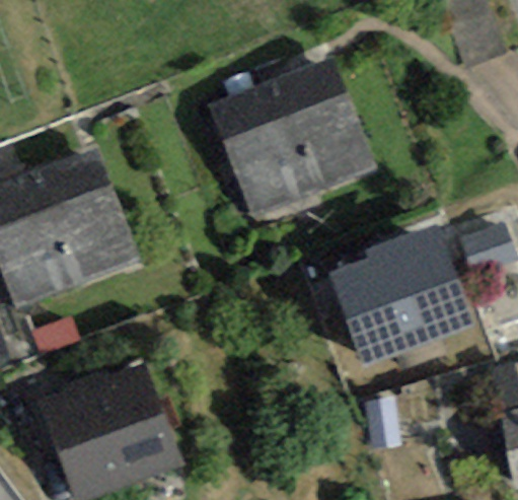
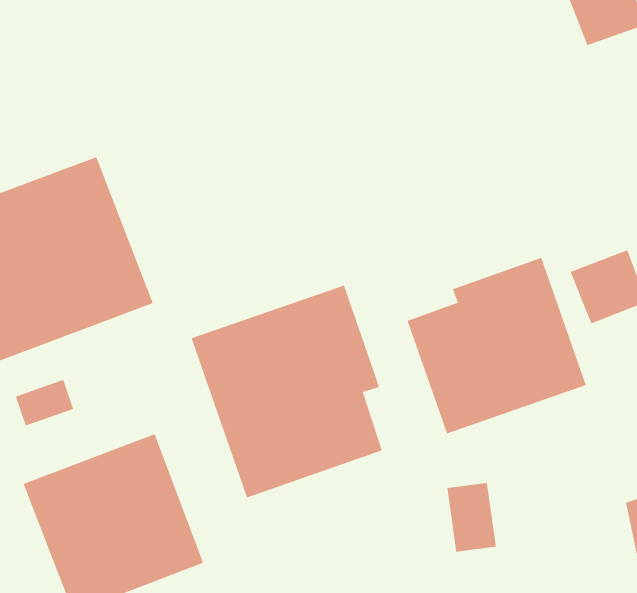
building: [208,58,378,221] -> none
building: none -> [190,284,383,498]

